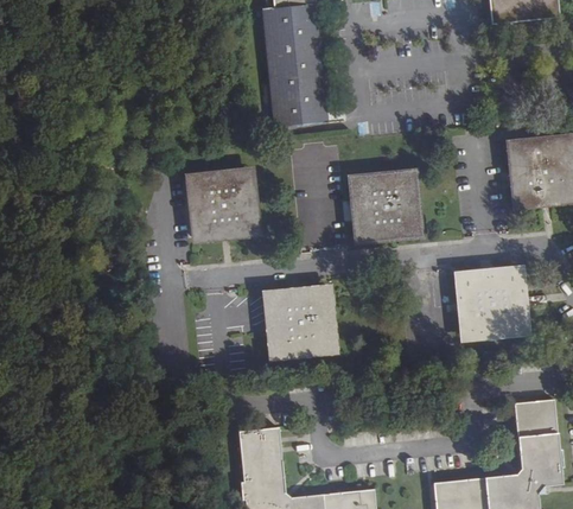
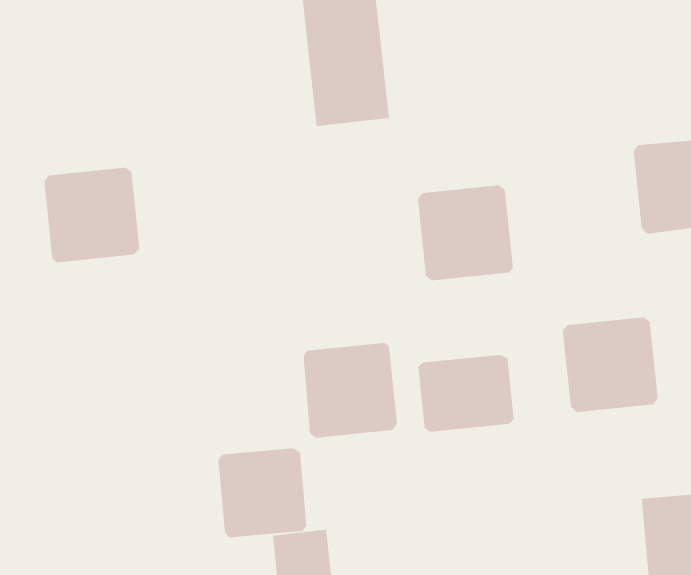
building: [187,170,259,241] -> [44,167,140,263]
building: none -> [418,354,514,433]
building: none -> [218,448,307,538]

